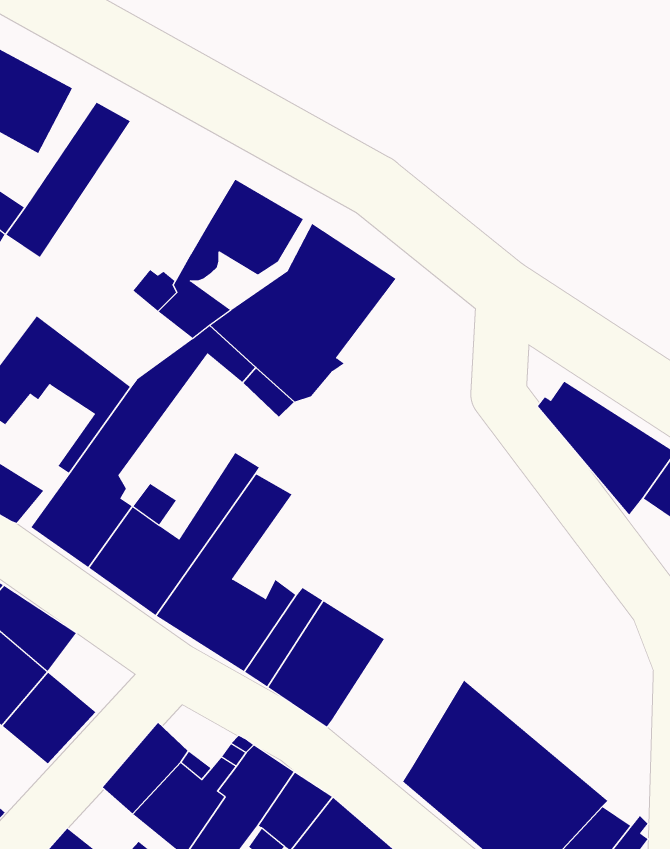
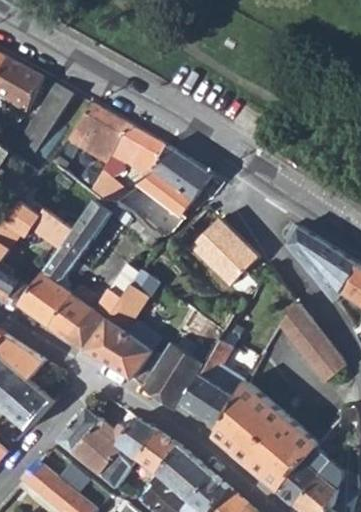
building: none -> [47,102,126,168]
building: none -> [191,217,258,284]
building: none -> [280,302,340,382]
building: none -> [177,340,245,428]

